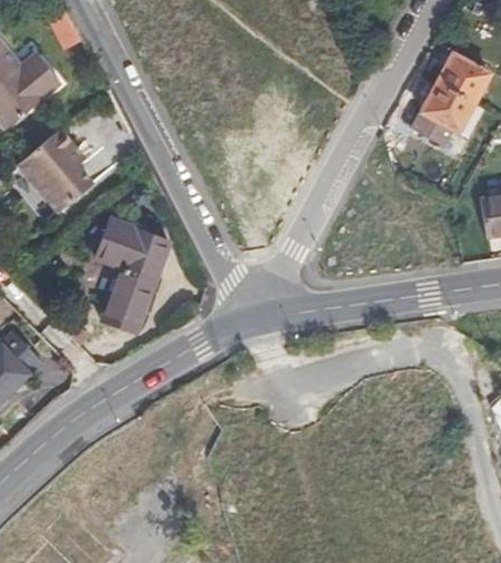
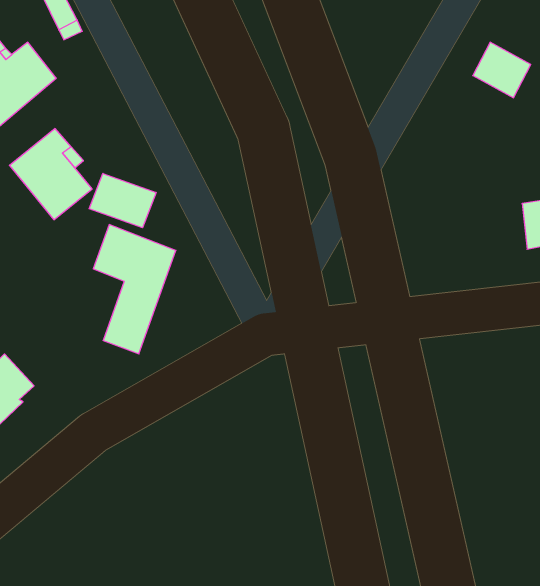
building: [420,82,472,131] -> none
building: none -> [89,173,156,228]

